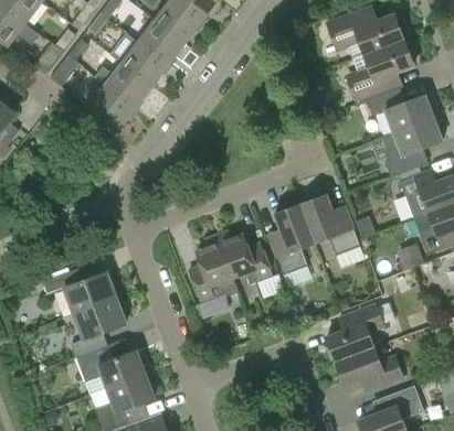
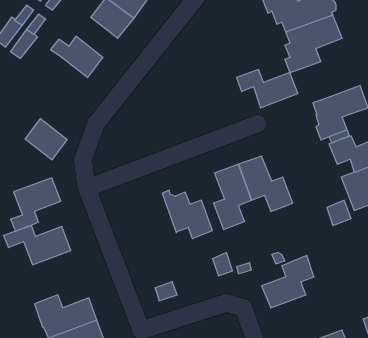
building: [122,42,168,86] -> none
building: [88,85,135,130] -> [25,119,67,160]
building: [367,90,434,132] -> [237,69,298,108]
building: [189,235,240,319] -> none
building: [71,298,126,356] -> [10,178,61,231]
building: [336,346,403,388] -> none

